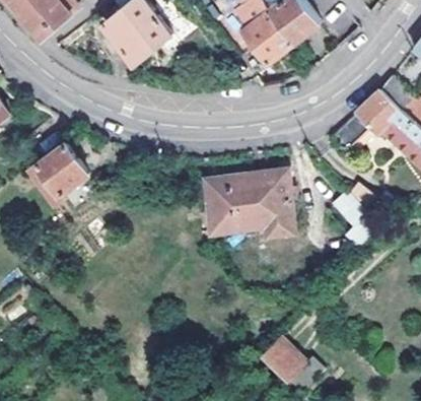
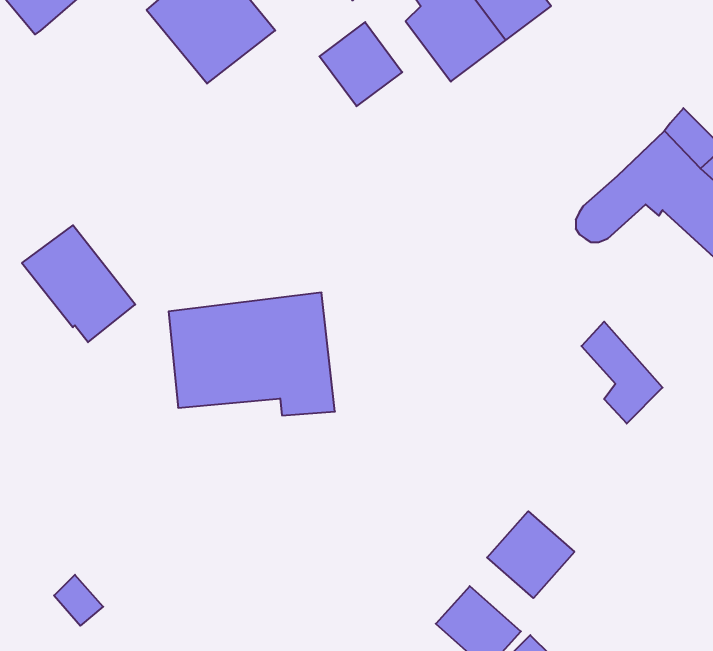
building: none -> [319,22,402,106]
building: [205,170,294,236] -> [169,293,335,415]
building: none -> [487,511,574,598]

